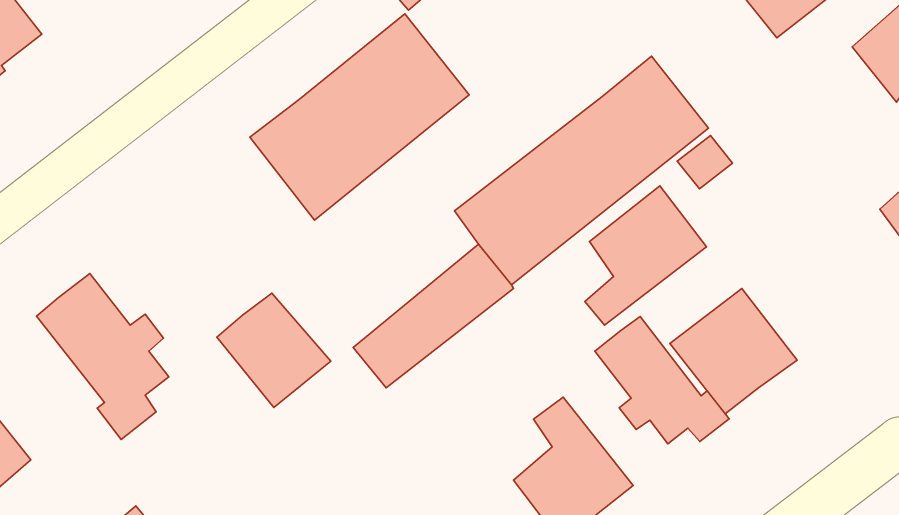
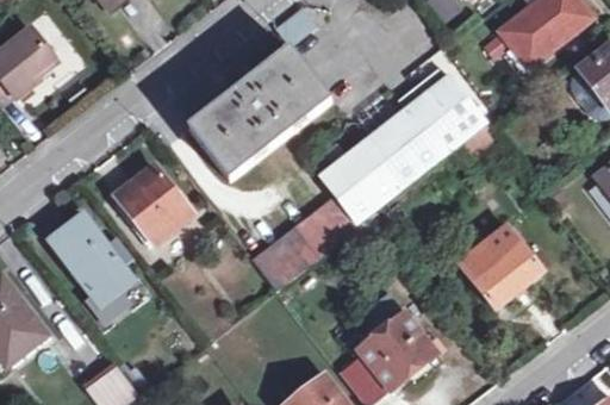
building: [585,186,707,325] -> none
building: [217,293,331,407] -> [116,169,189,243]
building: [595,317,729,444] -> none

